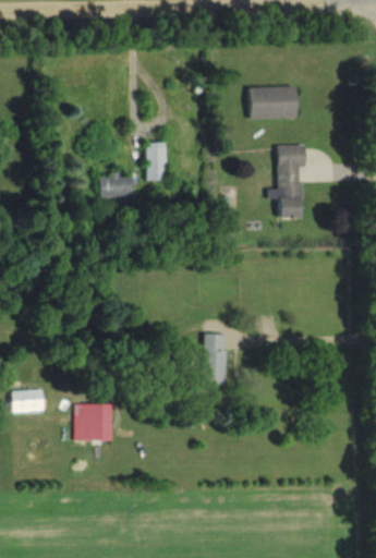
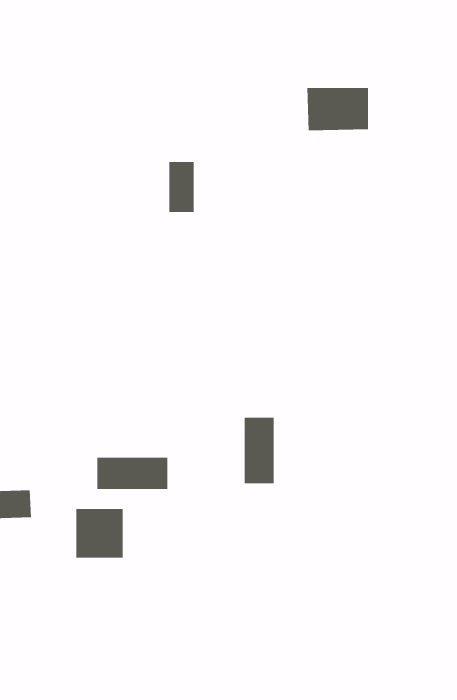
building: [269,145,304,219] -> none
building: [99,175,133,201] -> none
building: none -> [97,457,168,490]

